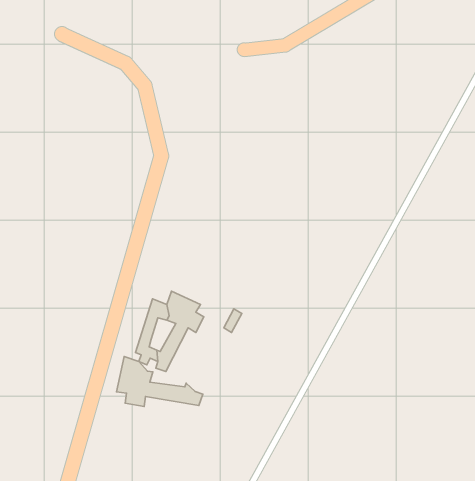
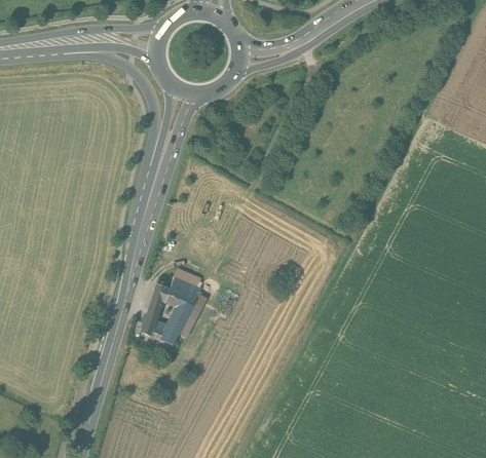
building: [116,357,203,407] -> none

